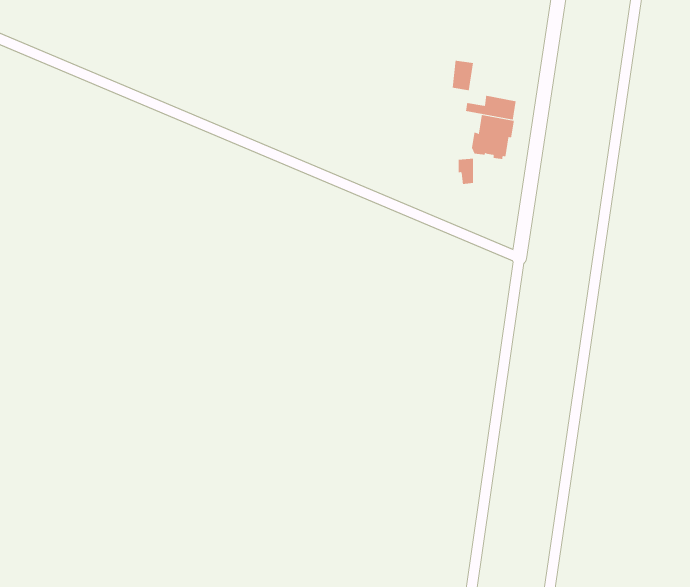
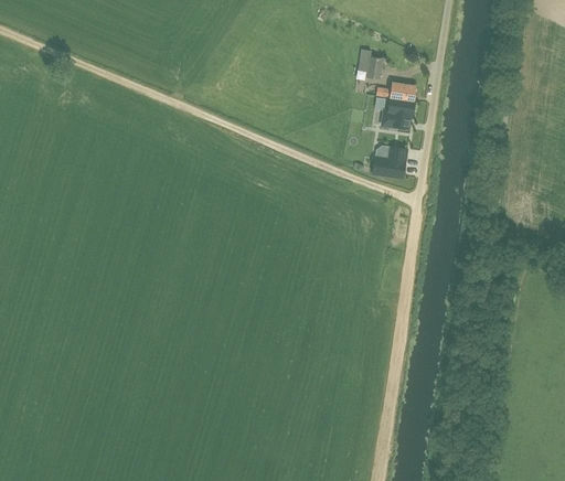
building: none -> [371,147,406,179]

